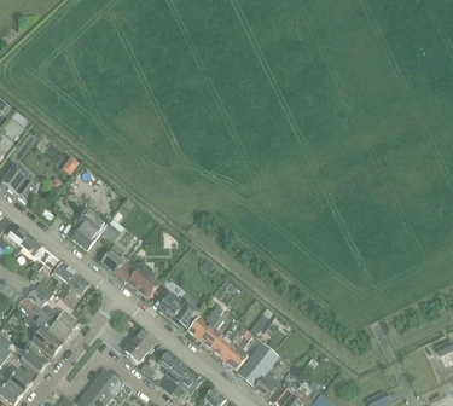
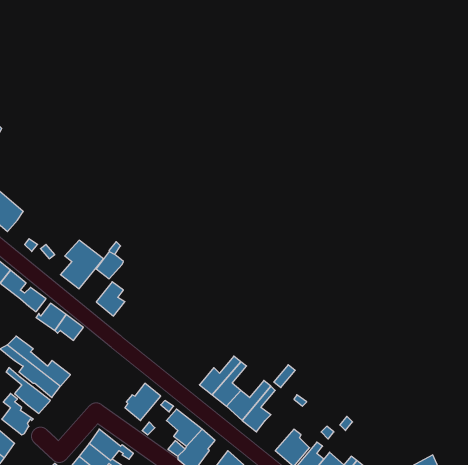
building: [115,260,158,297] -> none
building: [157,291,198,327] -> none
building: [237,343,278,385] -> none

